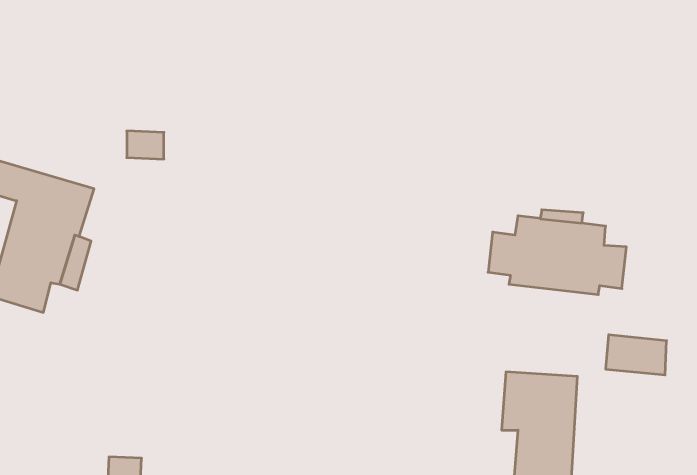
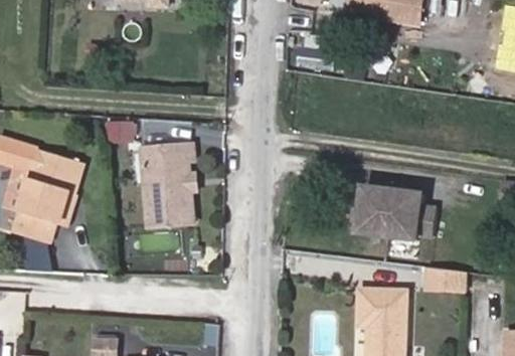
building: none -> [143,147,192,227]

